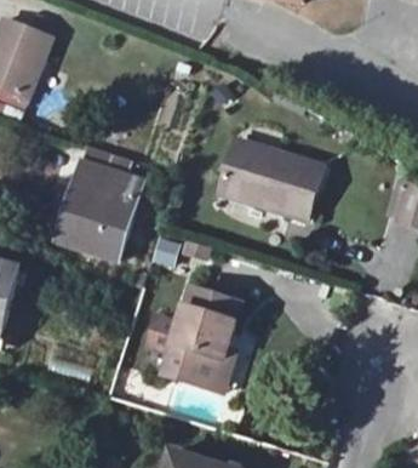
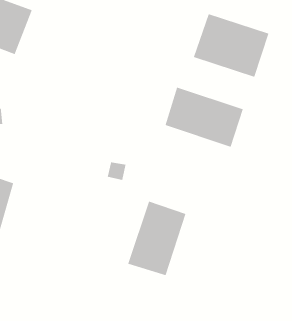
building: none -> [193,13,269,78]
building: [61,159,144,255] -> none

